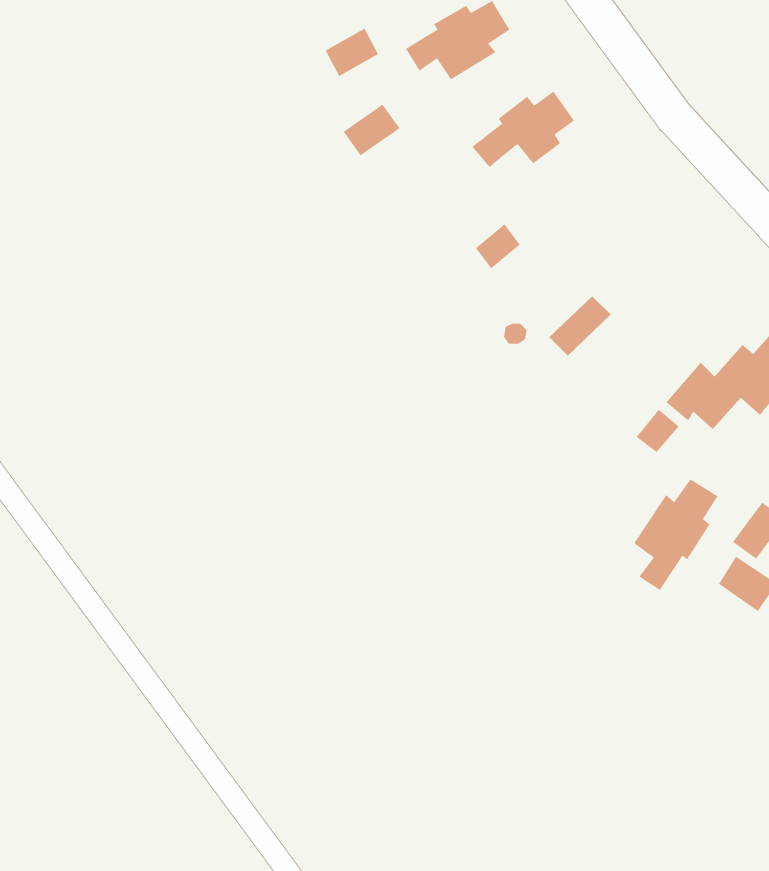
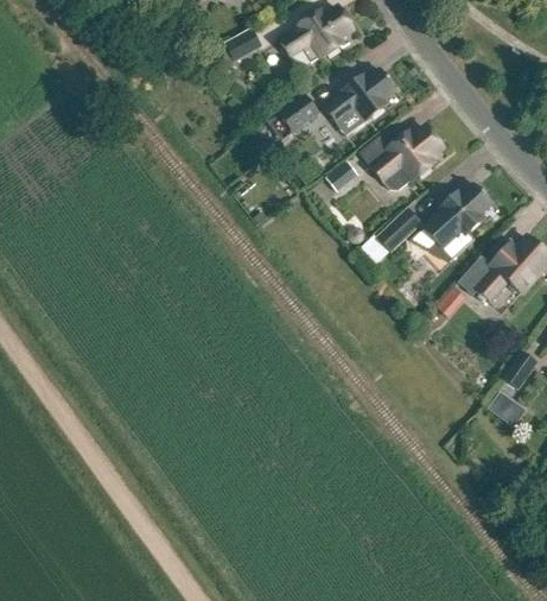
building: [343,104,400,156] -> [281,96,320,132]
building: none -> [360,127,440,190]
building: none -> [424,184,491,260]
building: [633,478,718,591] -> none

